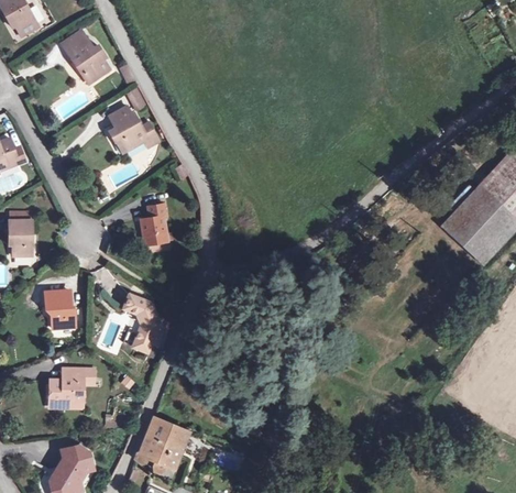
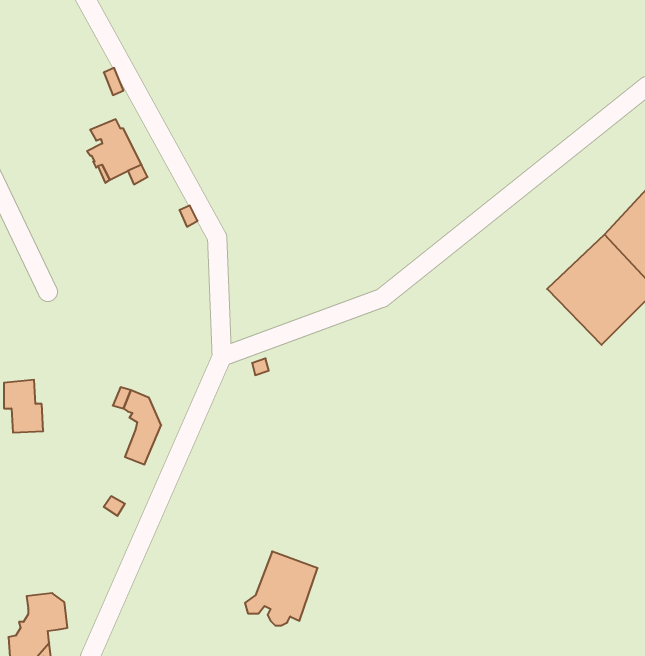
building: [62,29,109,83] -> none
building: [141,204,167,245] -> none
building: [50,366,92,402] -> none
building: [136,419,189,473] -> [245,551,318,626]

